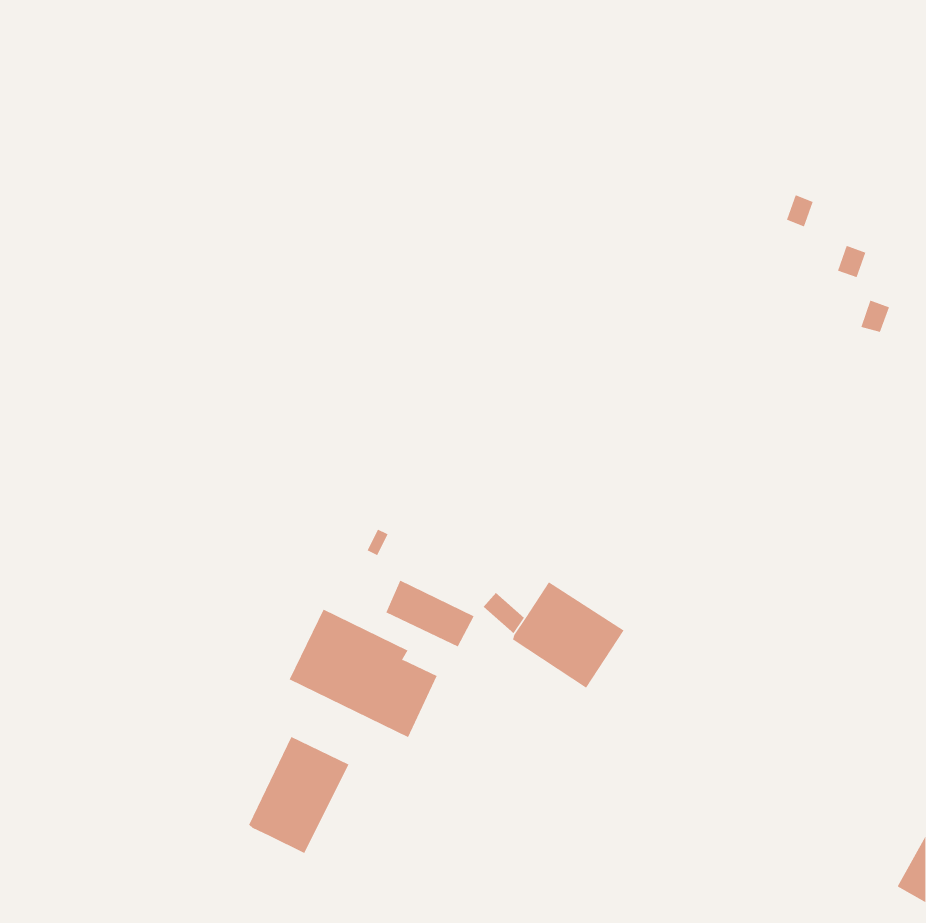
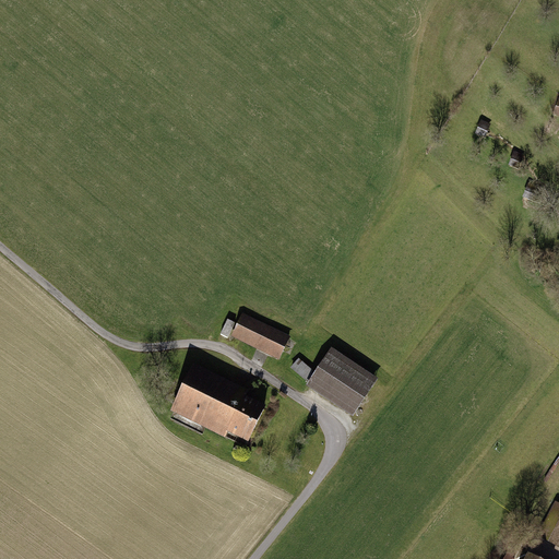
building: [385,580,474,647] -> [234,314,287,355]
building: [248,736,349,854] -> none

